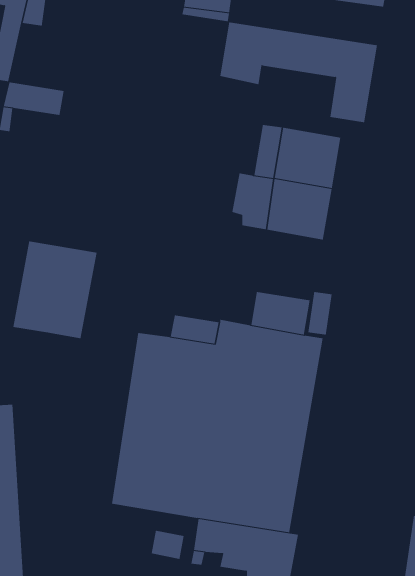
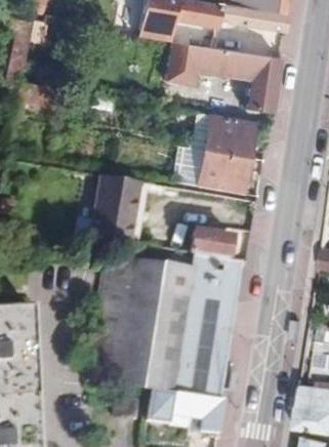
building: [12,241,97,339] -> [88,175,148,244]

